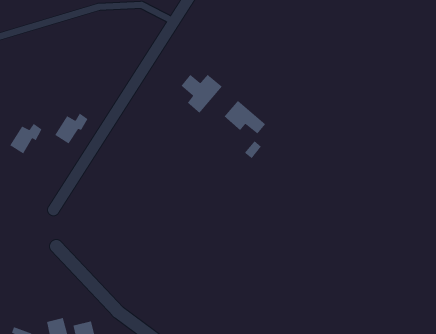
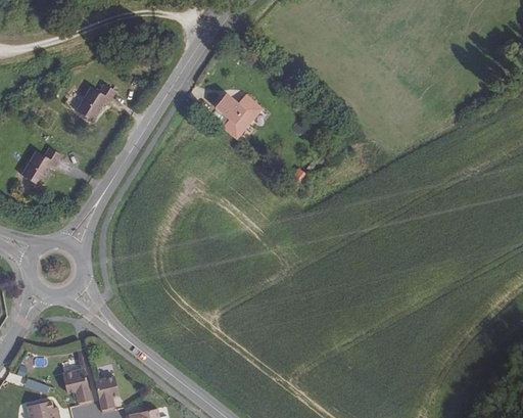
building: [223,100,266,135] -> none
building: [54,113,89,144] -> [76,85,114,121]

